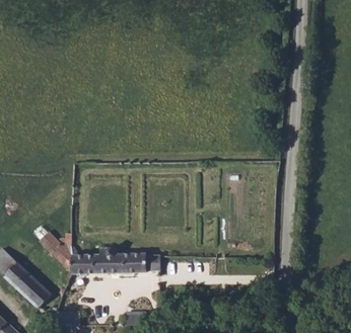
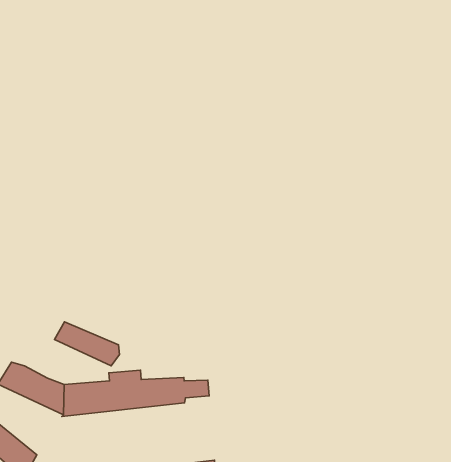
building: none -> [55,322,120,366]

